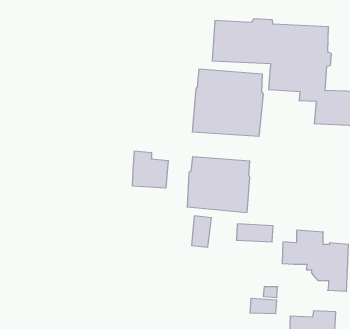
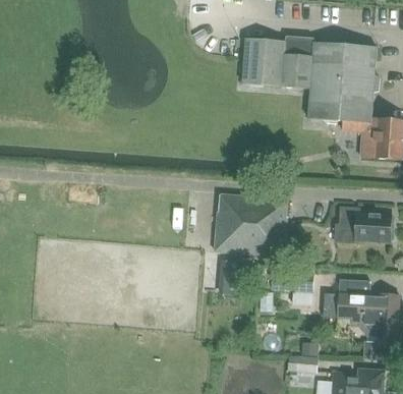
building: [193,69,263,136] -> none
building: [133,151,168,188] -> none
building: none -> [334,206,393,241]

